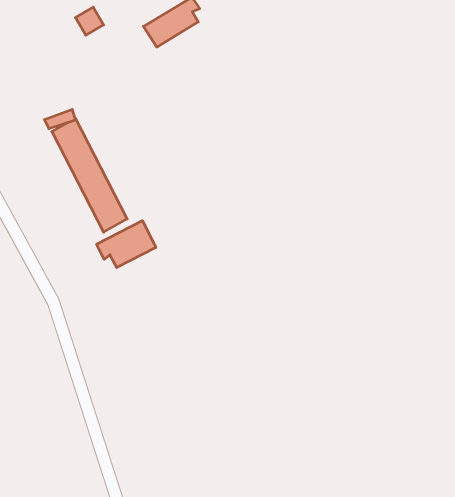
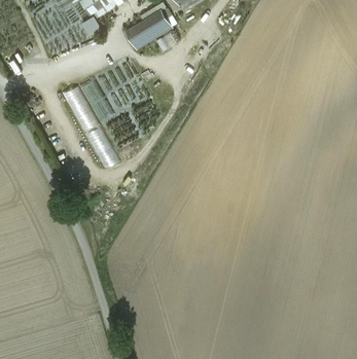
building: [97,221,156,268] -> none

